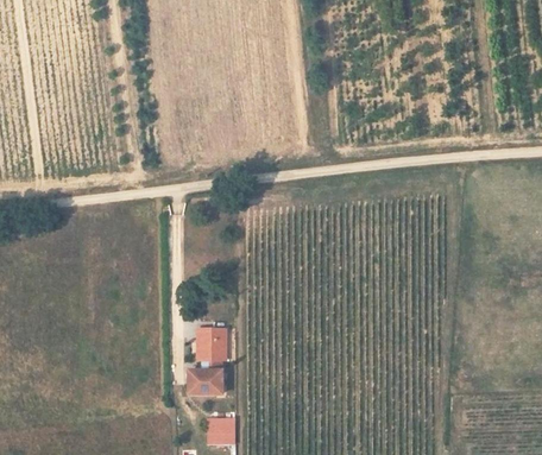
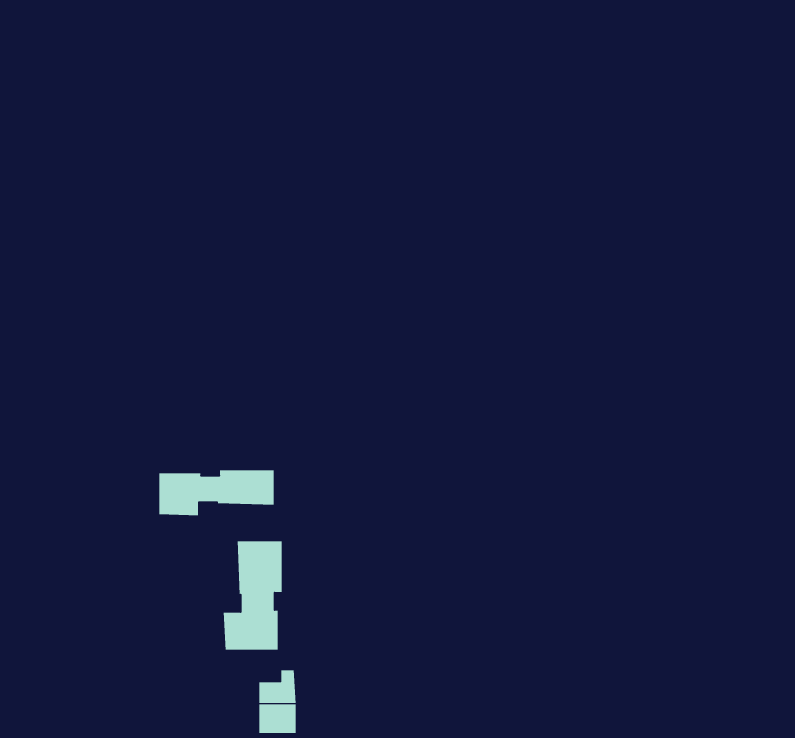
building: none -> [159,470,274,516]

